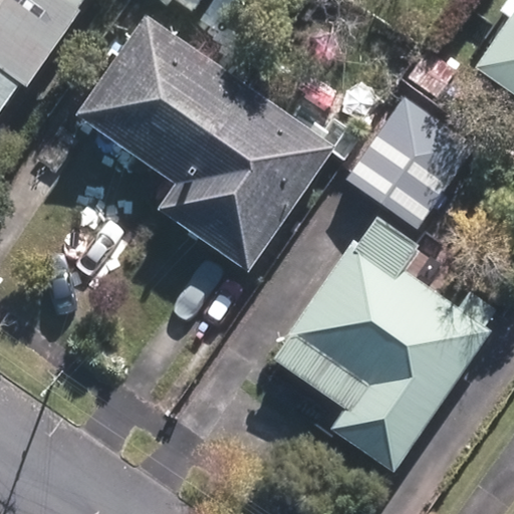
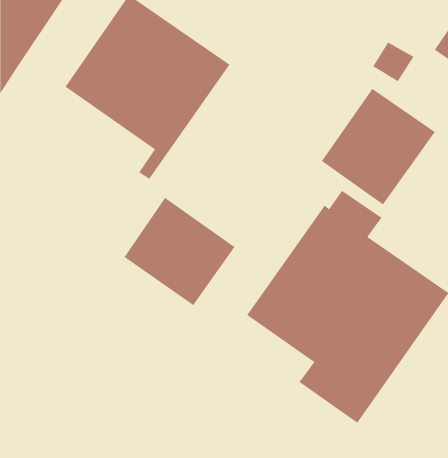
building: [165,83,333,265] -> none
building: none -> [124,197,235,306]

